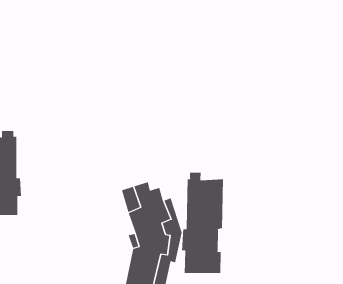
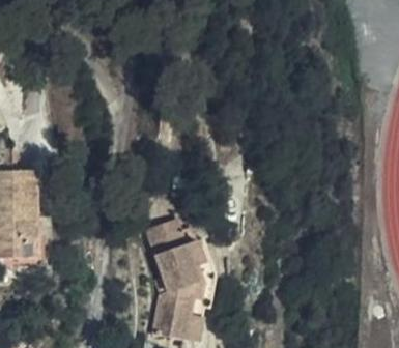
building: [181,172,224,274] -> none

